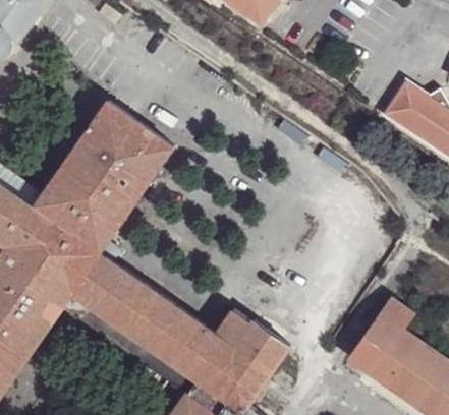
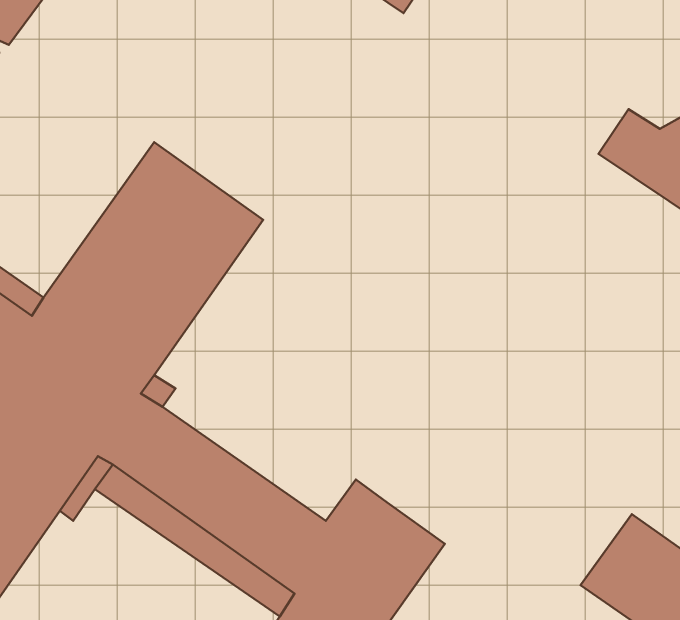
building: [350,300,413,372] -> none

